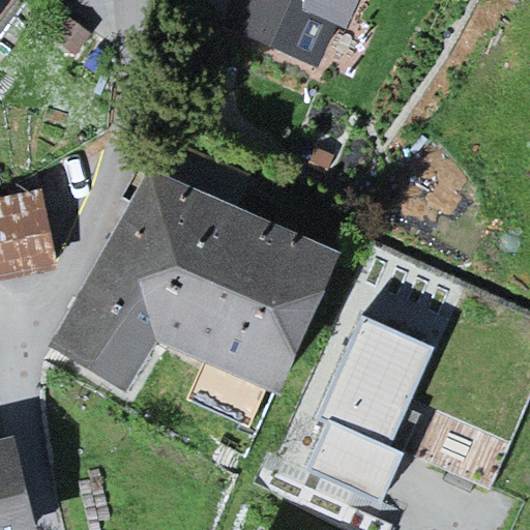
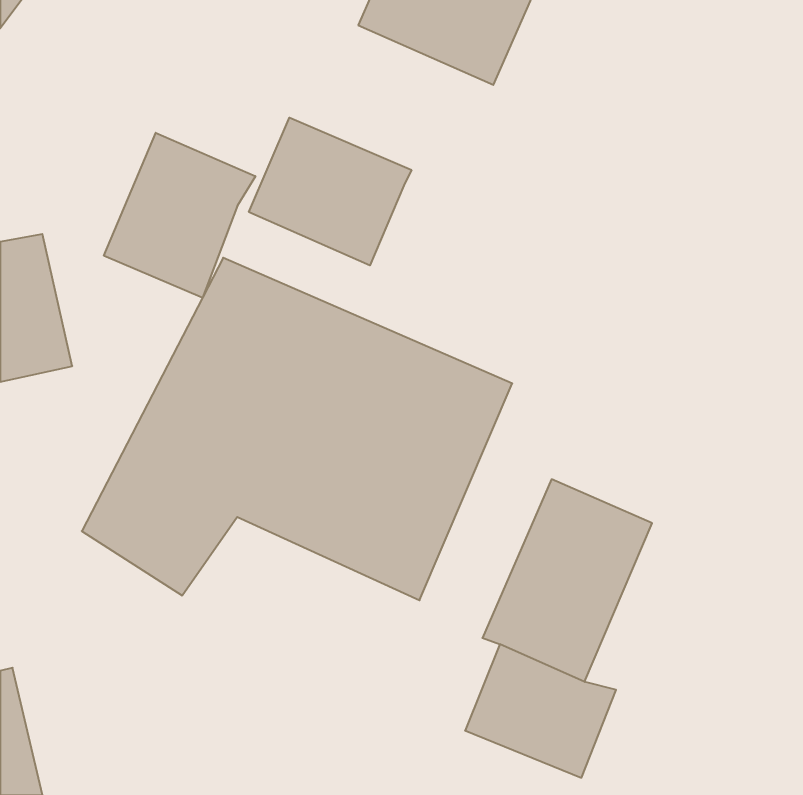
building: none -> [249,118,411,265]
building: none -> [104,133,255,298]

